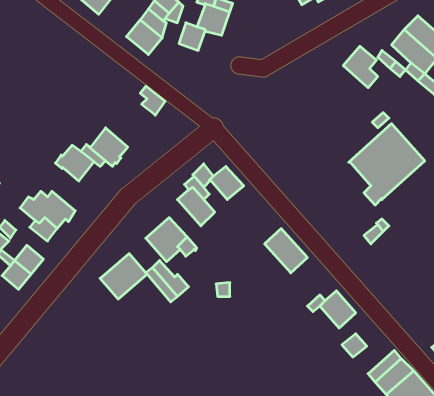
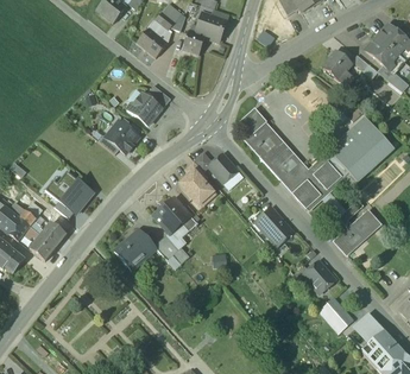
building: none -> [238,108,347,209]
building: [55,145,94,181] -> [127,95,160,126]
building: none -> [334,209,381,254]

